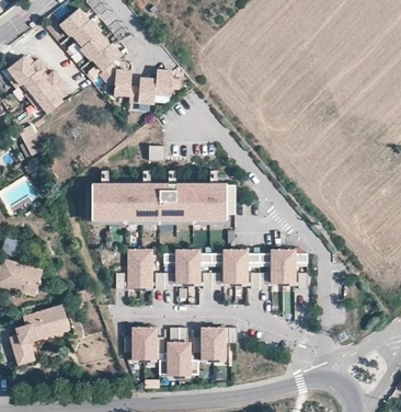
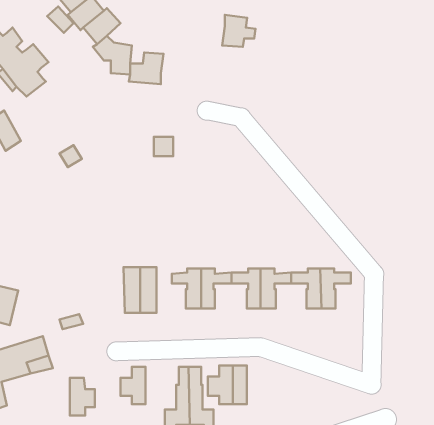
building: [156,71,182,96] -> [222,15,255,47]
building: [91,183,234,219] -> none
building: [144,328,163,357] -> [70,378,95,415]

